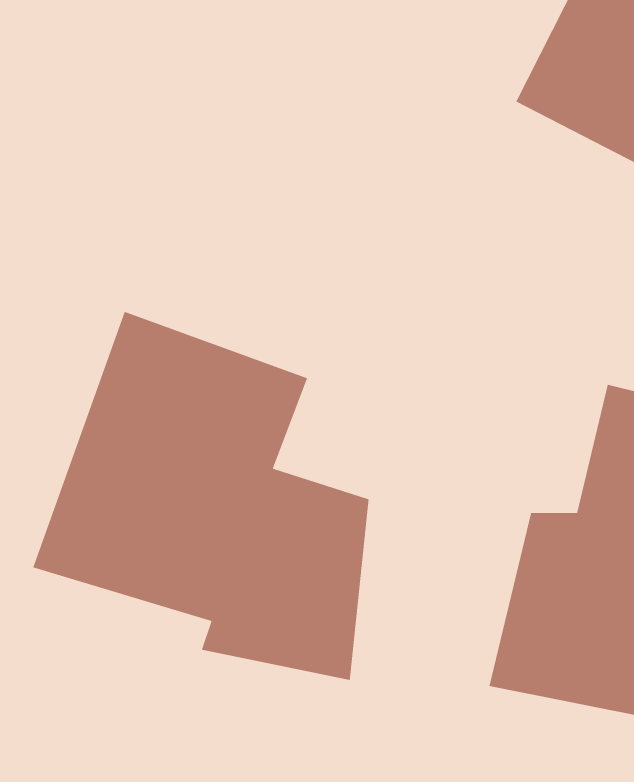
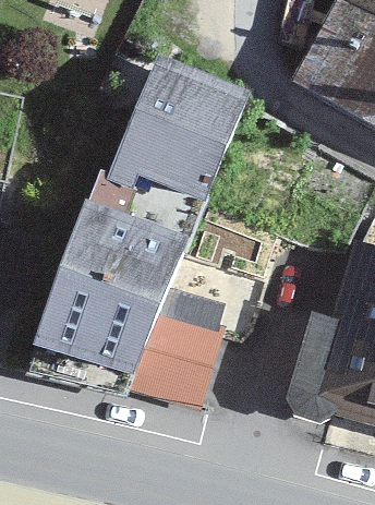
building: none -> [105,53,246,203]

